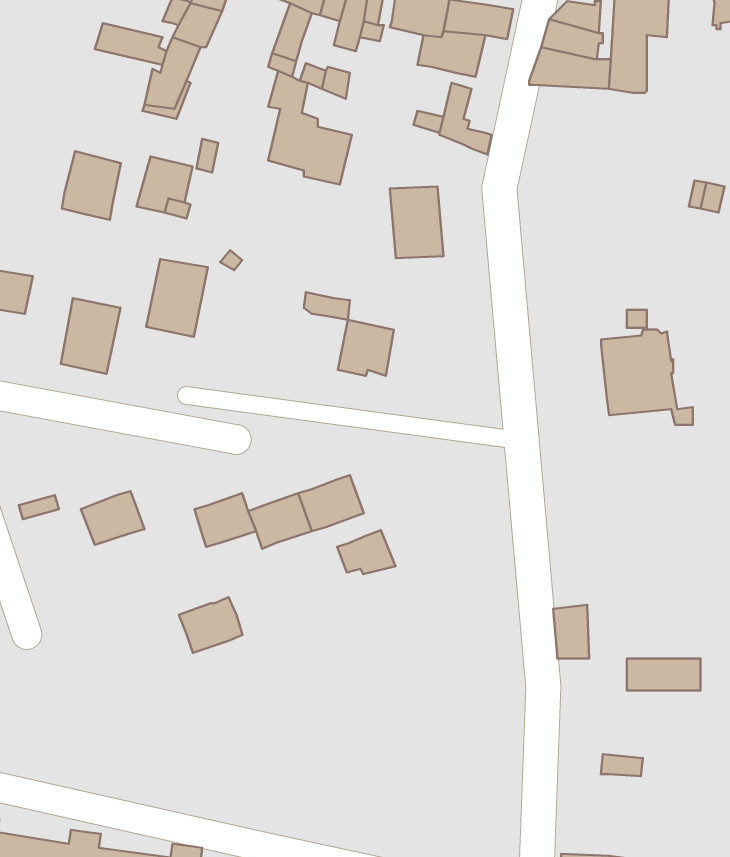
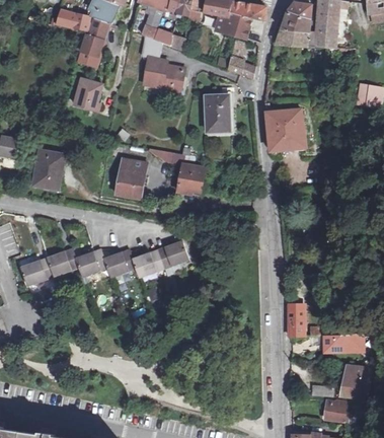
building: [62,151,121,220] -> none
building: [146,259,208,337] -> [116,157,147,197]
building: [601,329,693,425] -> [264,107,311,156]
building: none -> [19,260,53,287]
building: [337,530,395,574] -> none
building: [179,597,243,653] -> [74,250,106,279]
building: none -> [337,364,366,397]
building: none -> [324,403,355,422]

